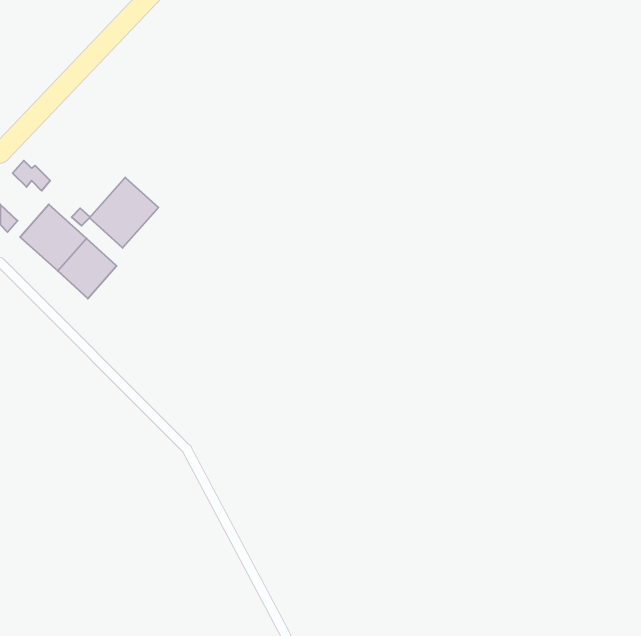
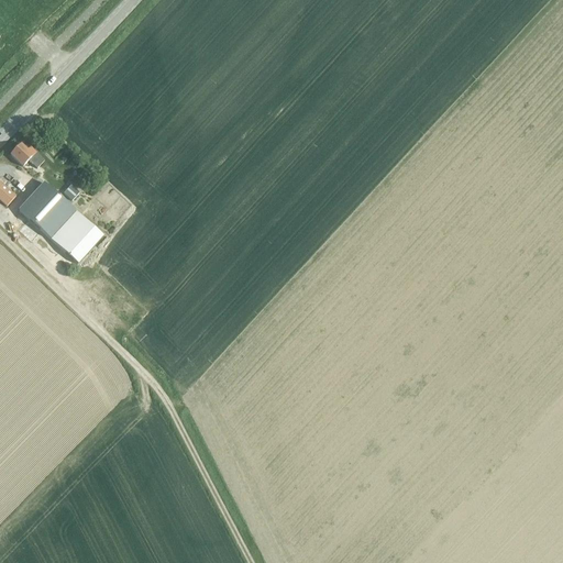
building: [89,177,158,248] -> none

